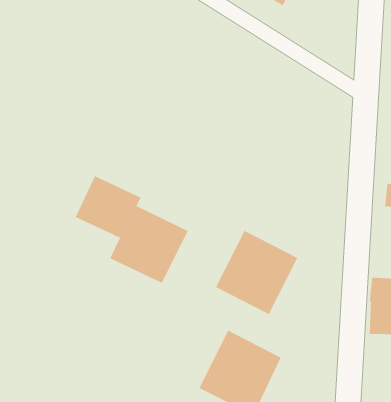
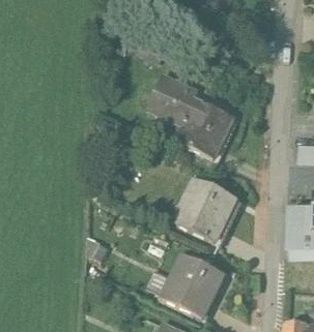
building: [75,175,188,284] -> [148,76,233,156]

